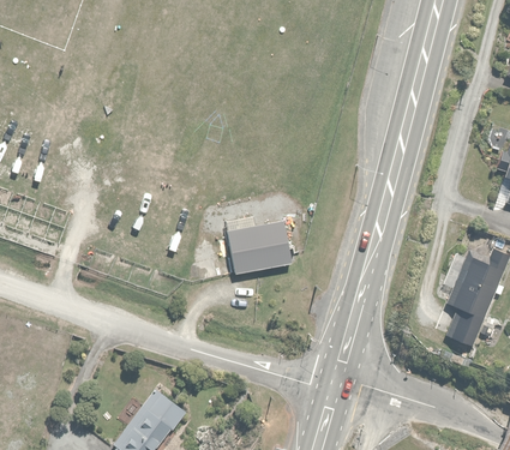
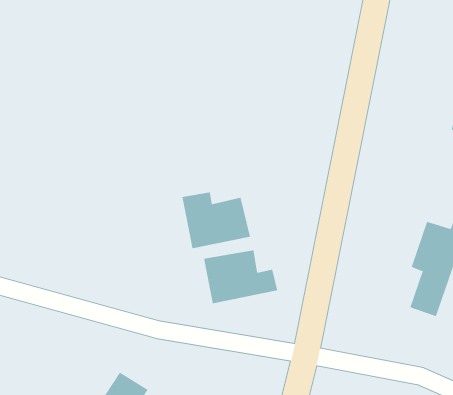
building: none -> [203,249,278,304]

